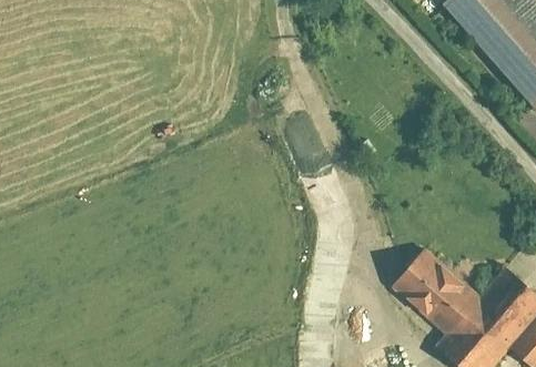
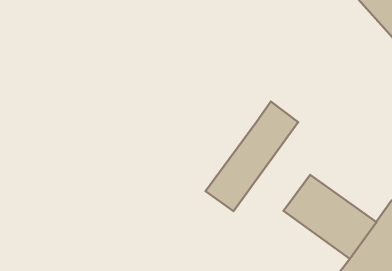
building: none -> [206,102,298,211]

